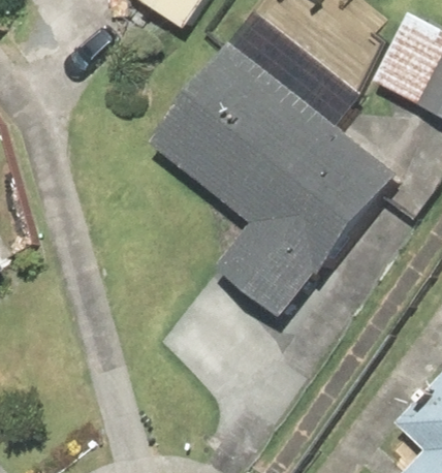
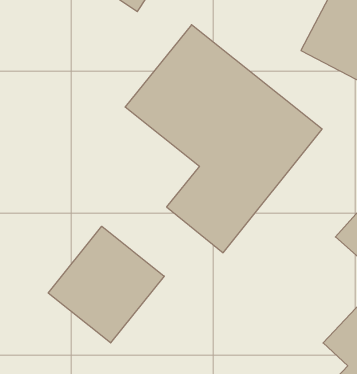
building: none -> [48,226,164,343]

